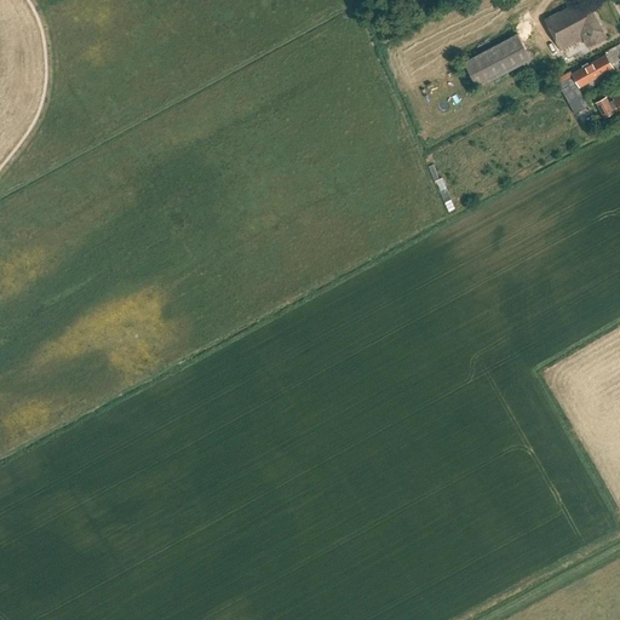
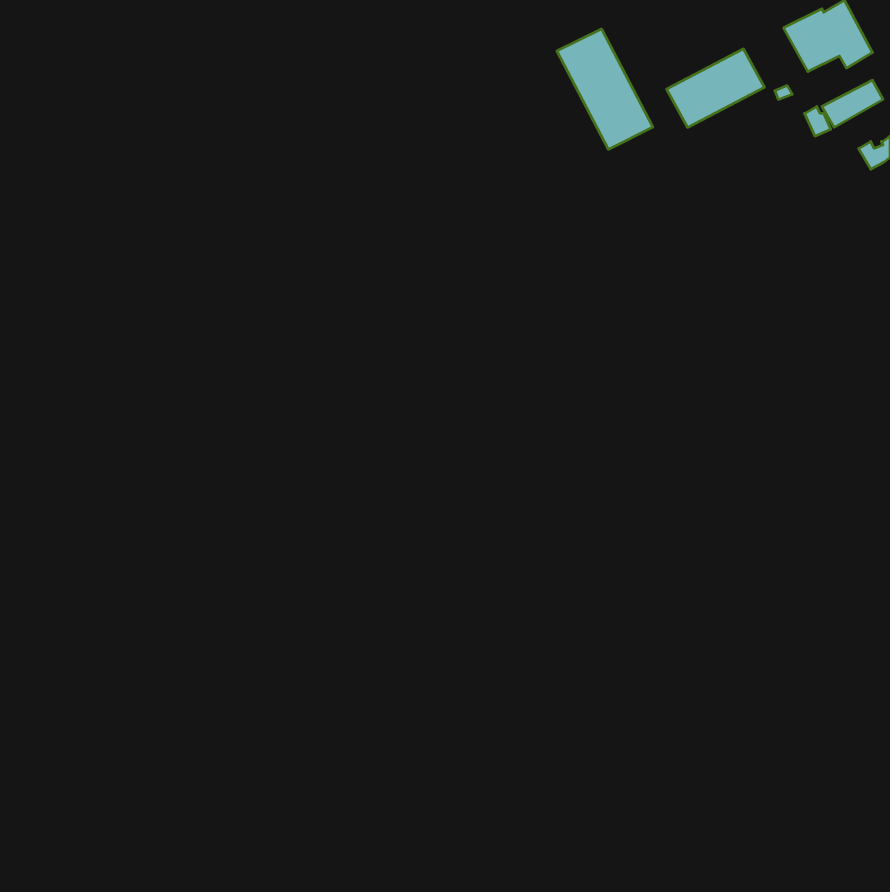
building: none -> [557,29,653,149]

